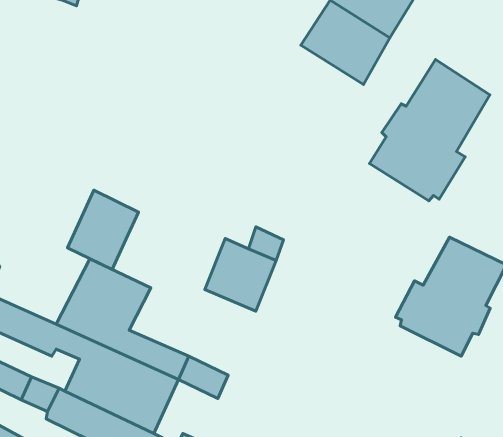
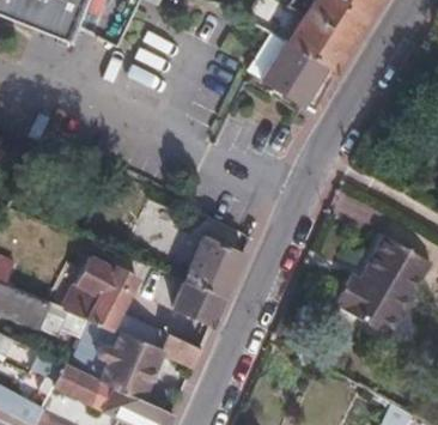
building: [369,60,490,201] -> none
building: [68,190,138,270] -> none
building: none -> [171,280,225,327]

